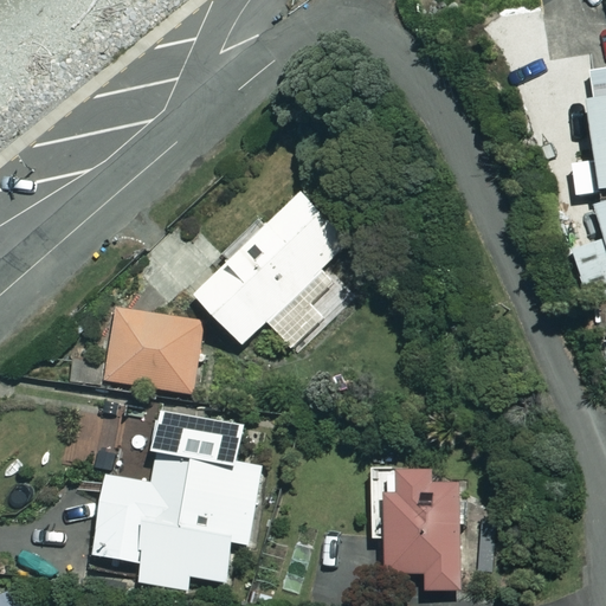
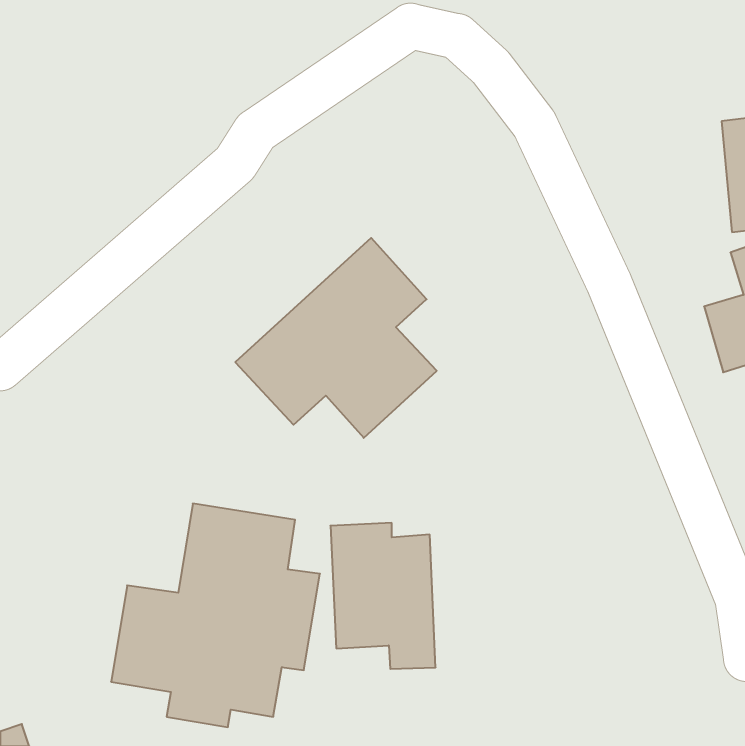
building: [104,307,204,393] -> none
building: [375,471,460,589] -> [330,523,436,669]

